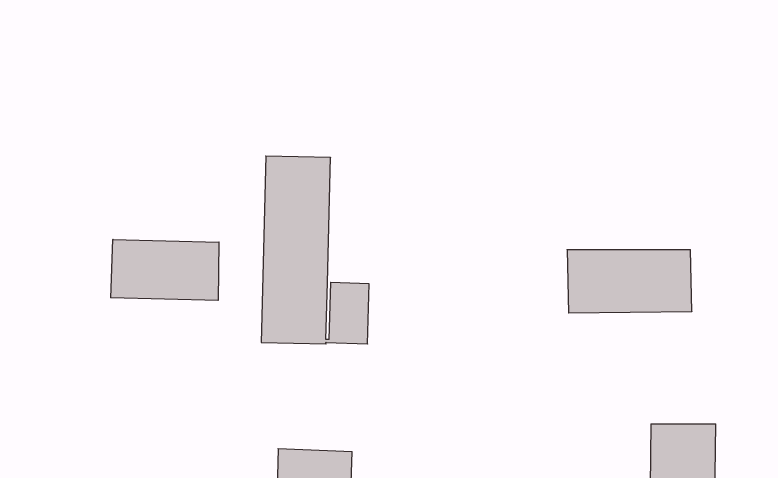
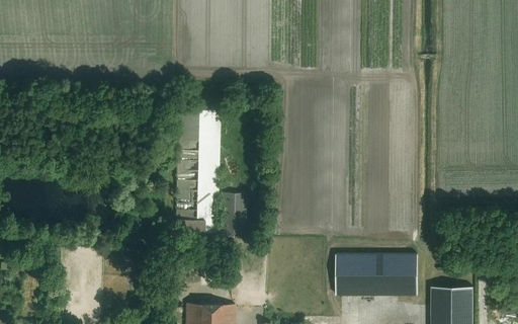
building: [111,239,219,300] -> none
building: [567,250,692,313] -> [335,254,417,296]

